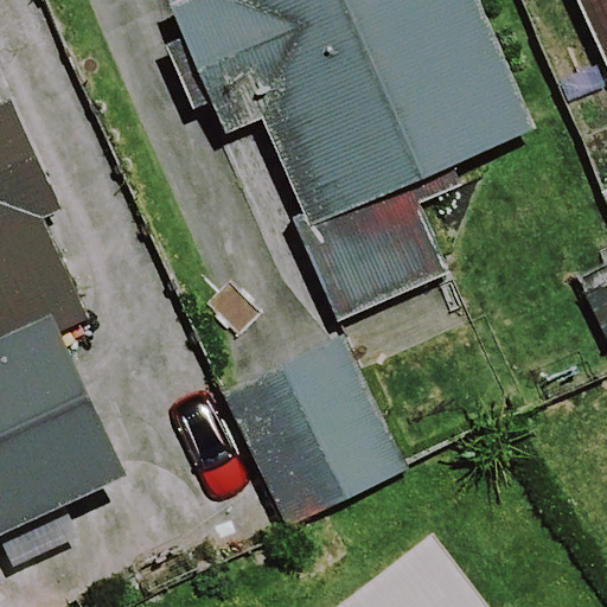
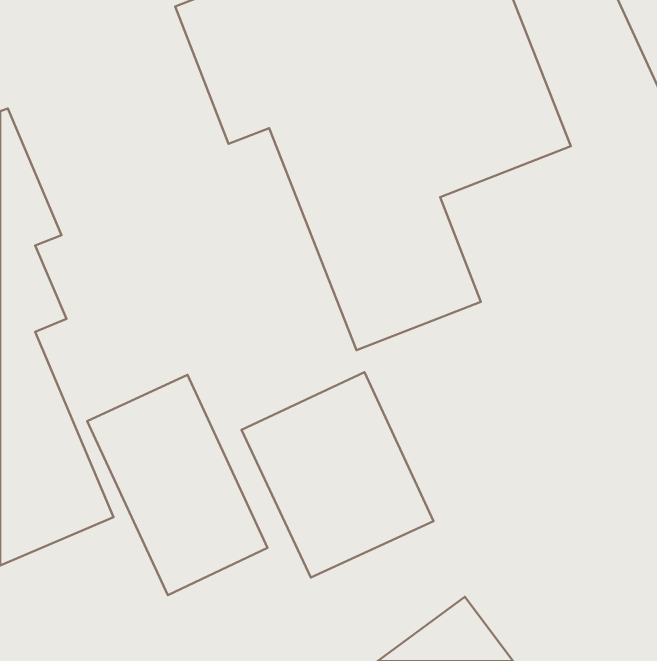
building: none -> [87,375,267,595]

